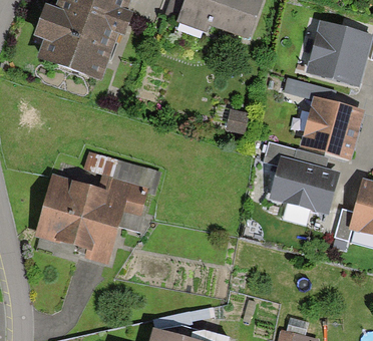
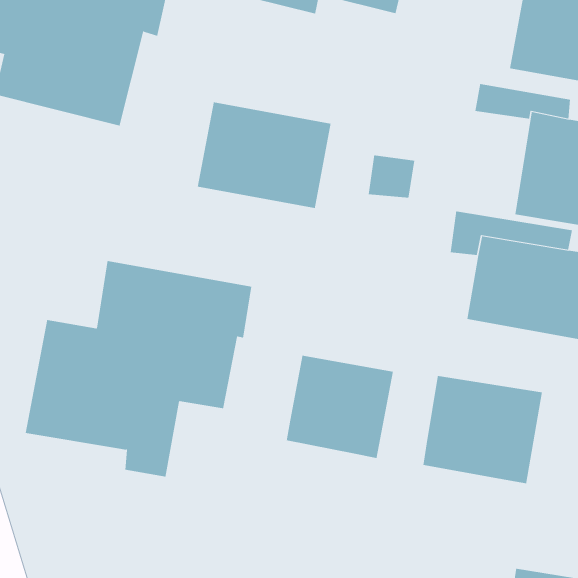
building: none -> [197,102,331,209]
building: none -> [286,355,394,459]
building: none -> [423,375,542,484]

